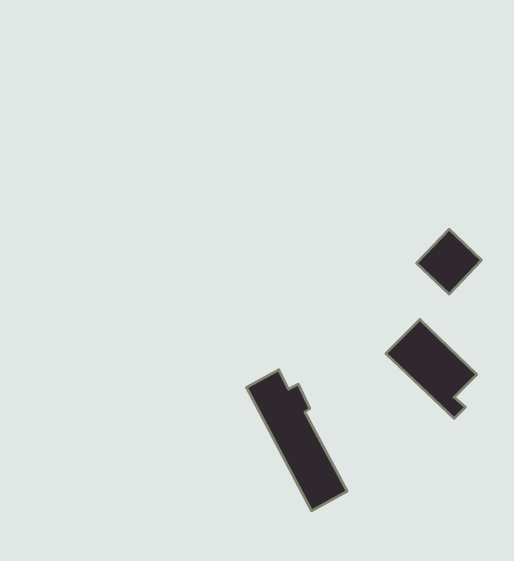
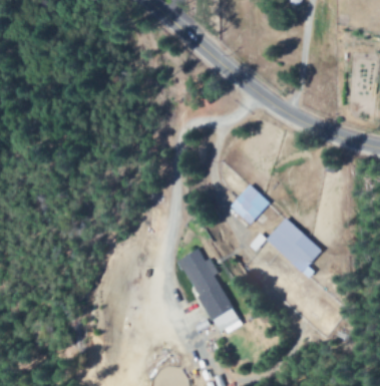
building: [417,229,481,294] -> [230,184,270,225]

